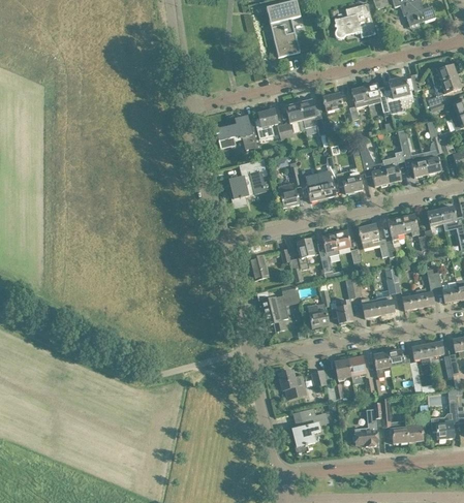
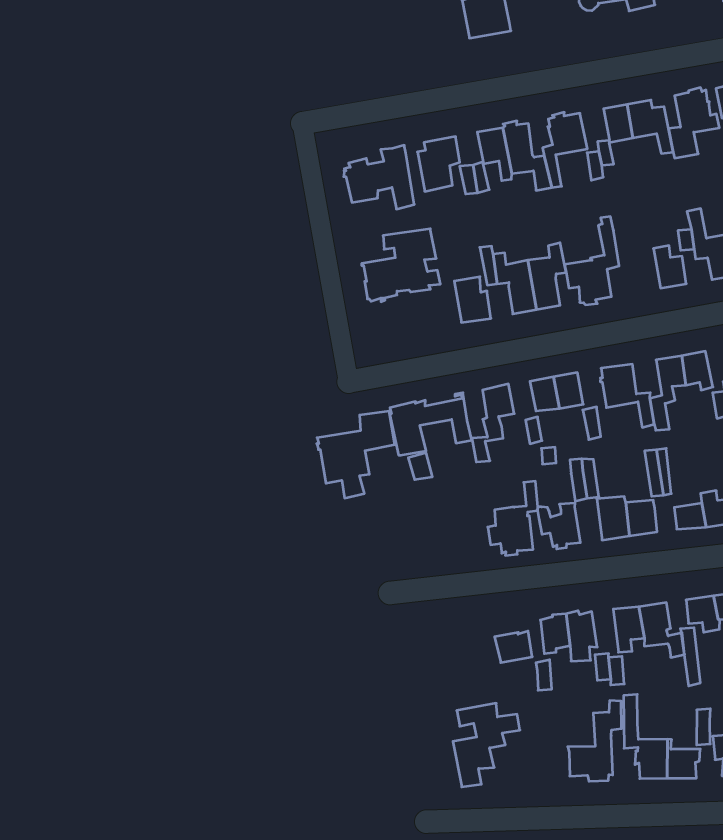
building: [359,145,388,186] -> none
building: [259,284,301,332] -> [317,411,395,498]
building: [278,371,306,399] -> none

